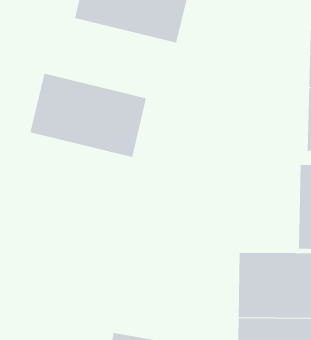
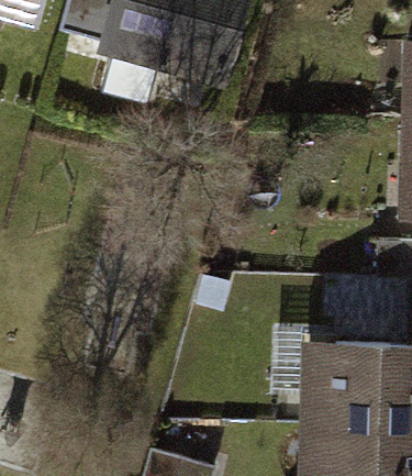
building: [30,73,147,158] -> none

